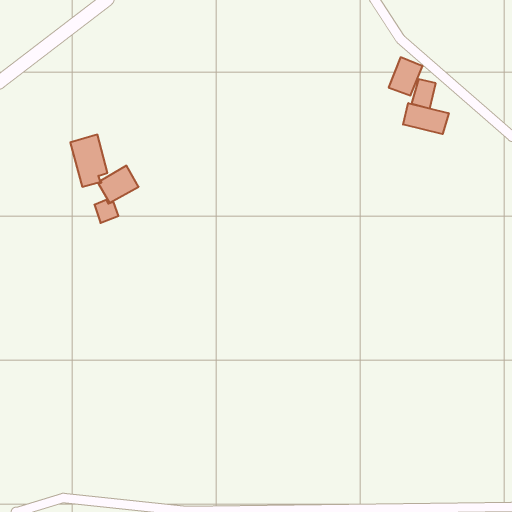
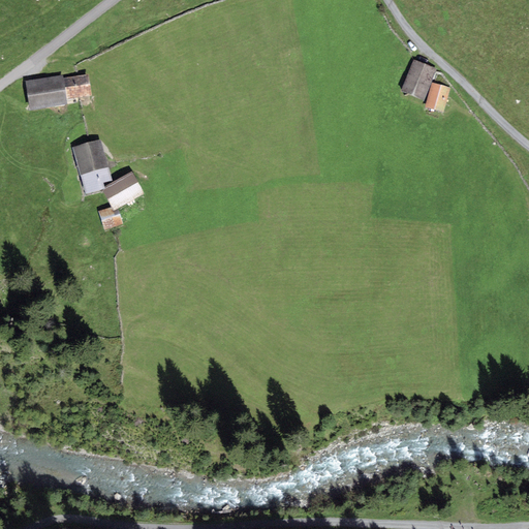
building: none -> [24,73,91,110]
building: [403,103,449,134] -> none

